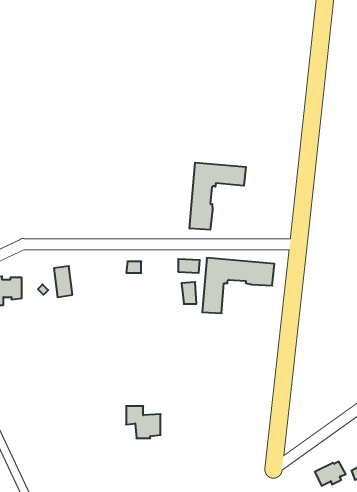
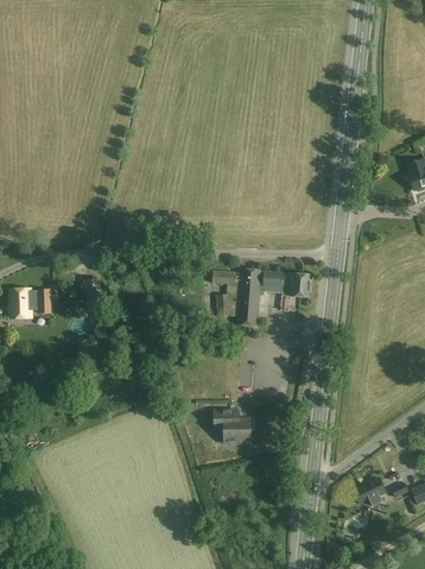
building: [190,163,246,230] -> none
building: [126,406,161,438] -> [215,410,250,443]

